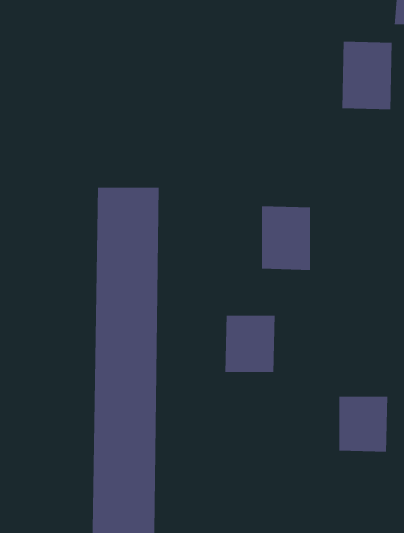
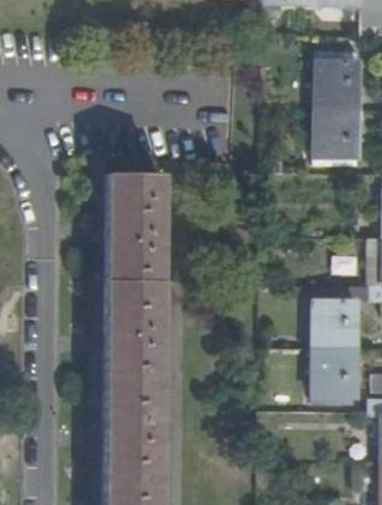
building: [261,205,311,271] -> [317,109,359,164]
building: [224,315,276,373] -> [315,302,358,351]

